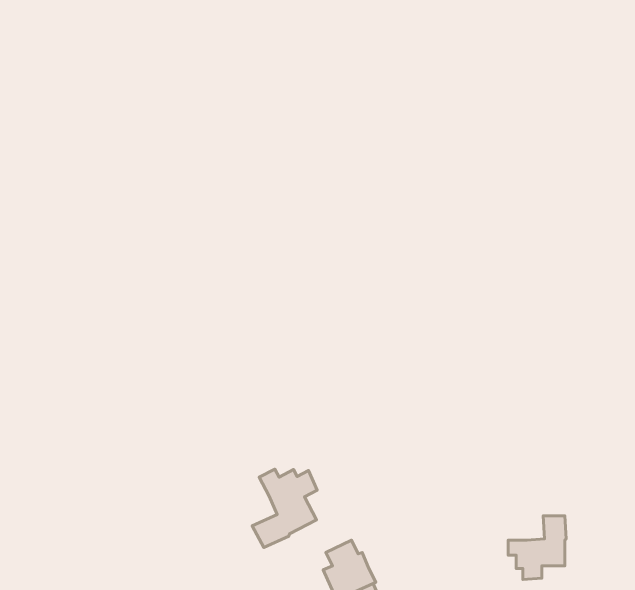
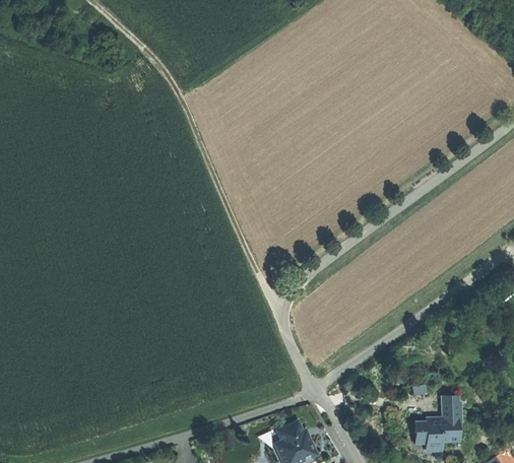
building: [252,469,317,547] -> none

